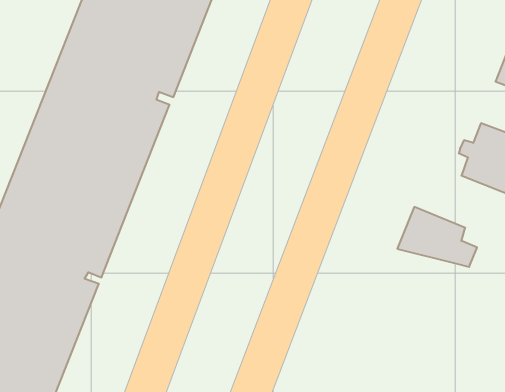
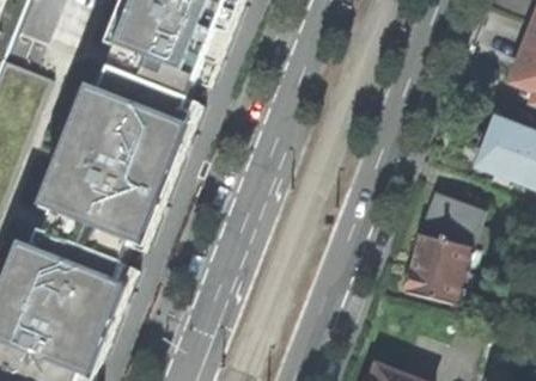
building: none -> [391,229,467,302]

